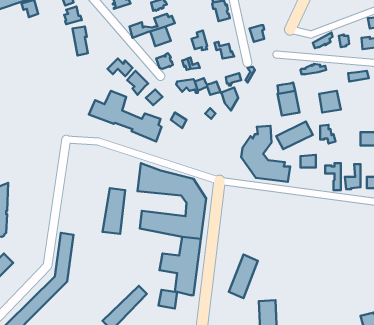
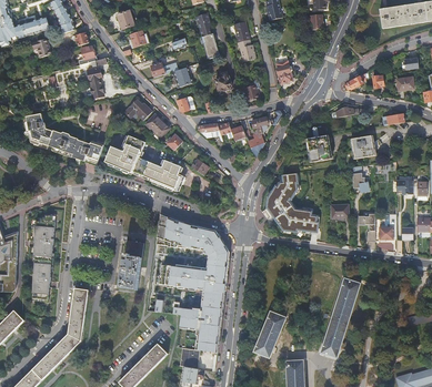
building: none -> [24,113,103,165]
building: [276,122,313,149] -> none
building: none -> [32,214,54,298]
building: none -> [320,277,359,356]

